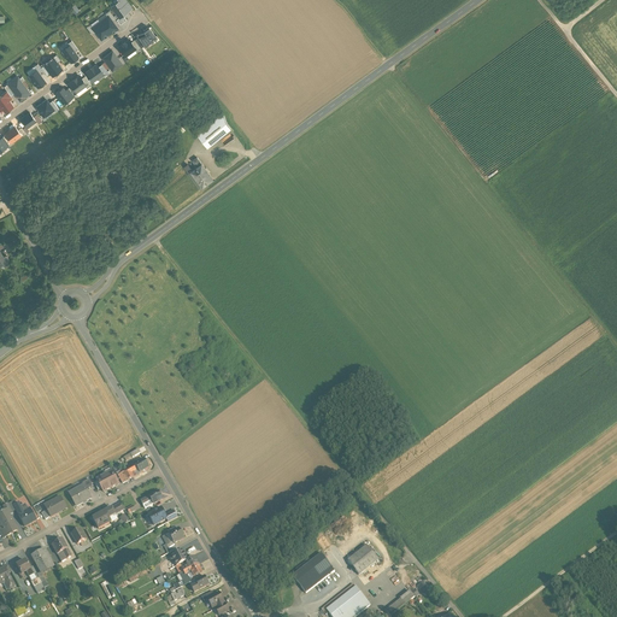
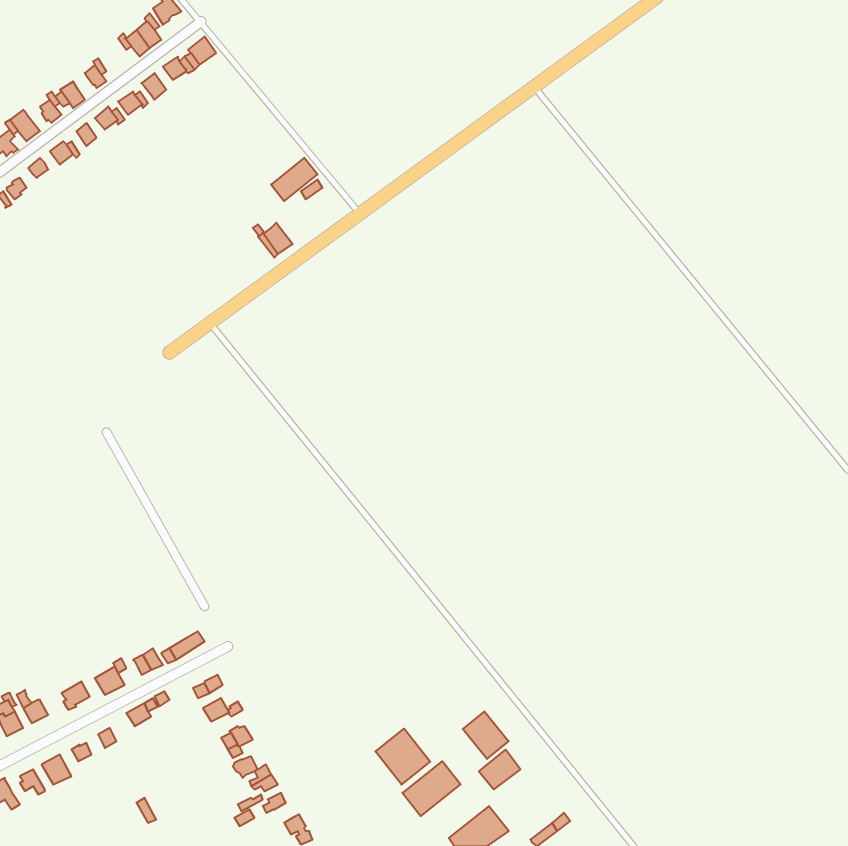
building: none -> [463,711,509,759]
building: none -> [375,729,430,785]

